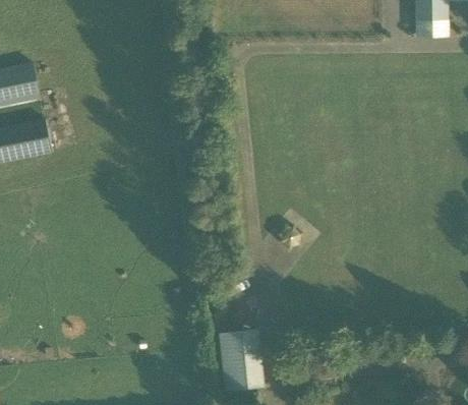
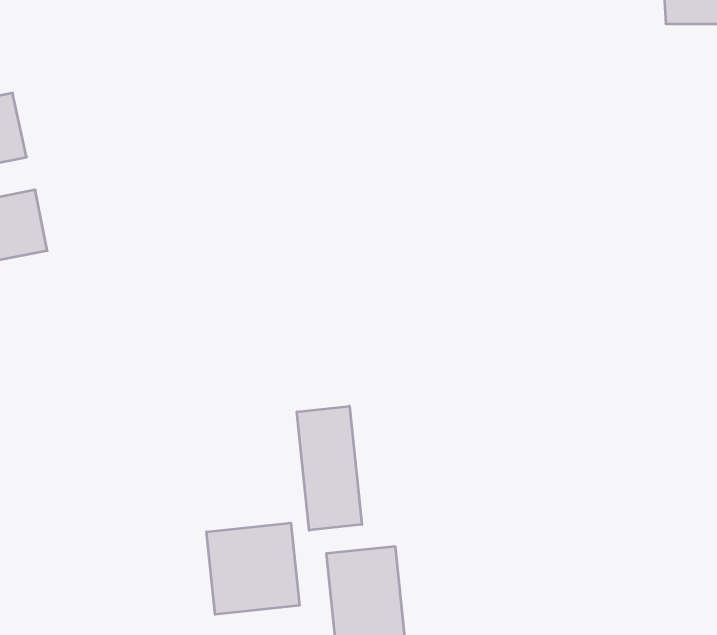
building: none -> [297,406,362,530]
building: none -> [207,523,299,614]

